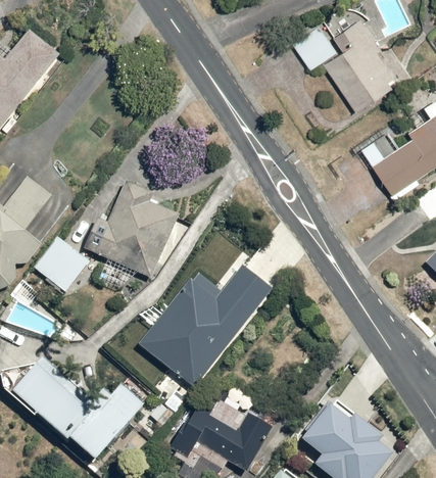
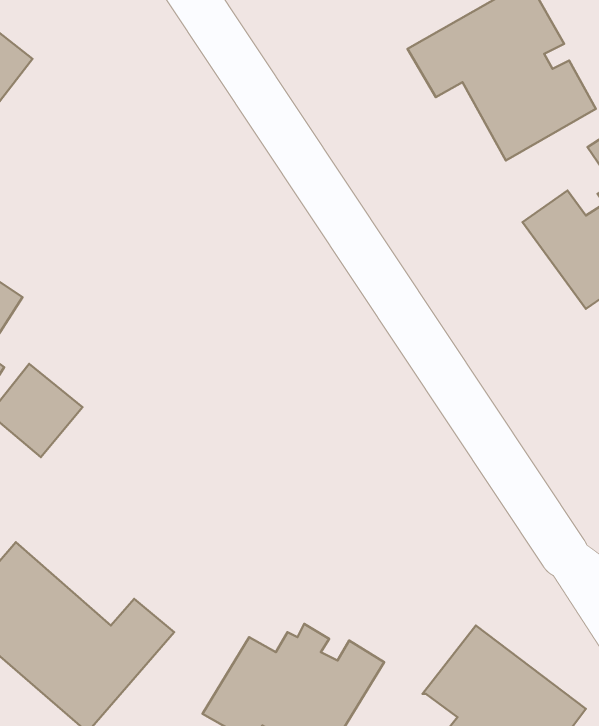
building: [86,181,180,281] -> none
building: [139,266,273,389] -> none

